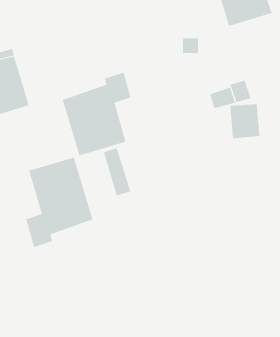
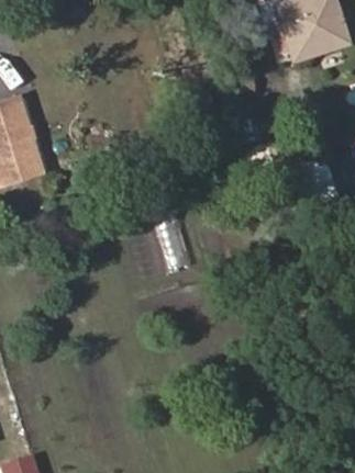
building: [62,72,131,156] -> none
building: [25,157,93,248] -> none

